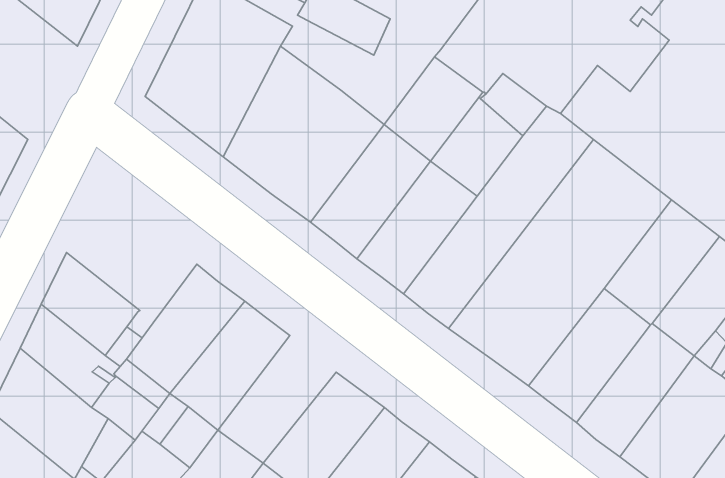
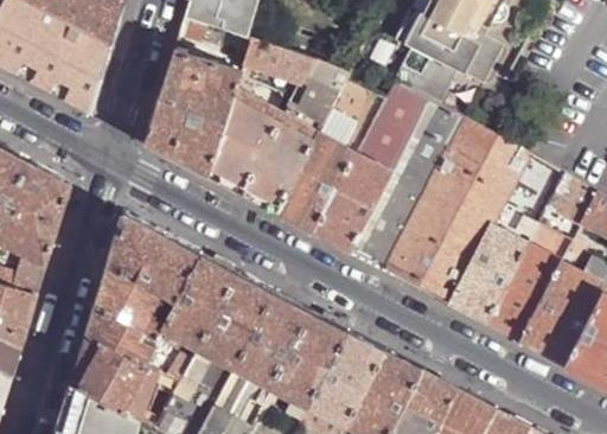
building: none -> [283,60,349,135]
building: none -> [354,101,416,174]
building: none -> [110,215,203,301]
building: none -> [237,294,313,387]

